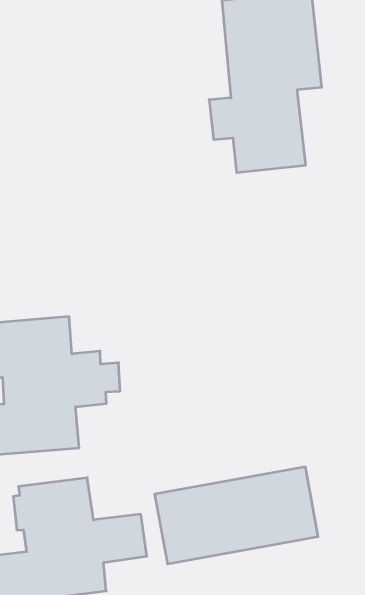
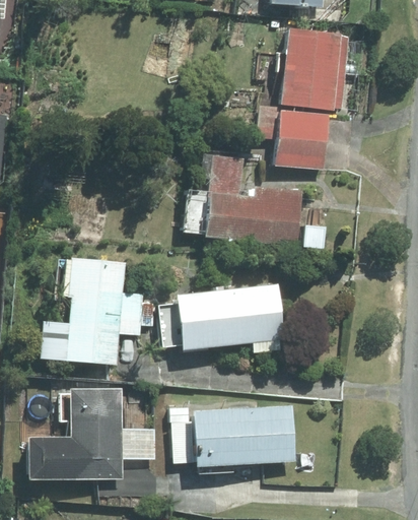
building: none -> [179,151,327,248]
building: none -> [167,283,286,352]

